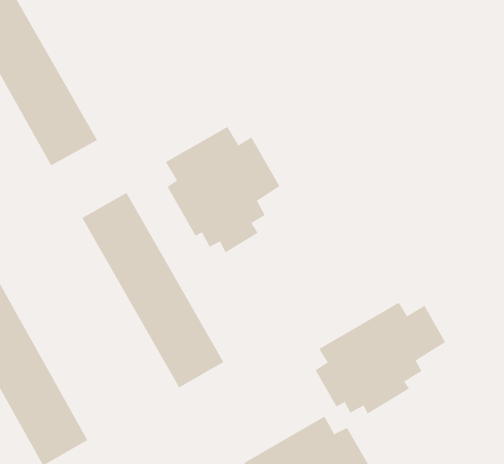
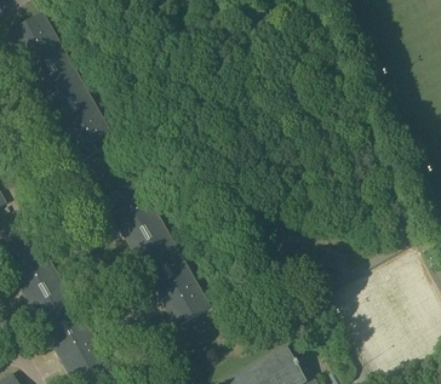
building: [165,126,280,253] -> none
building: [315,302,446,414] -> none

